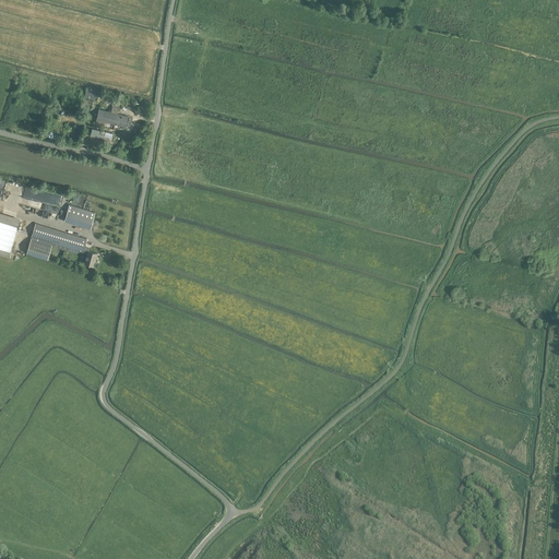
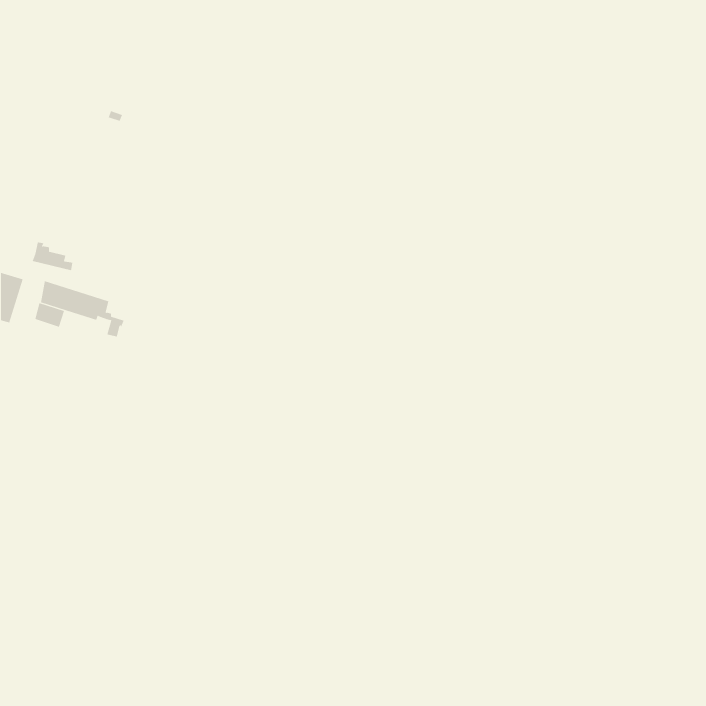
building: [95,106,128,129] -> none
building: [64,204,95,228] -> none

